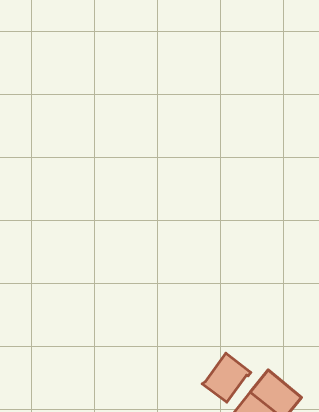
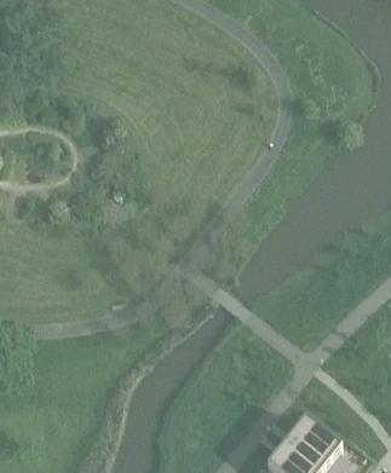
building: [202,353,251,402] -> none

